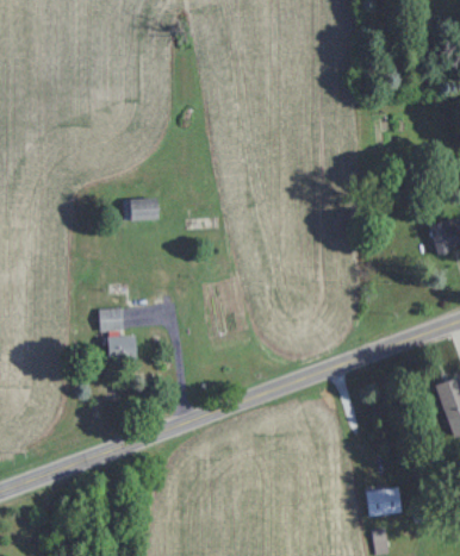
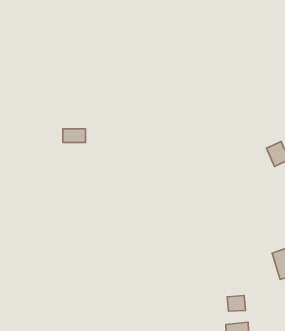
building: [99,307,136,358] -> none
building: none -> [227,296,245,311]

